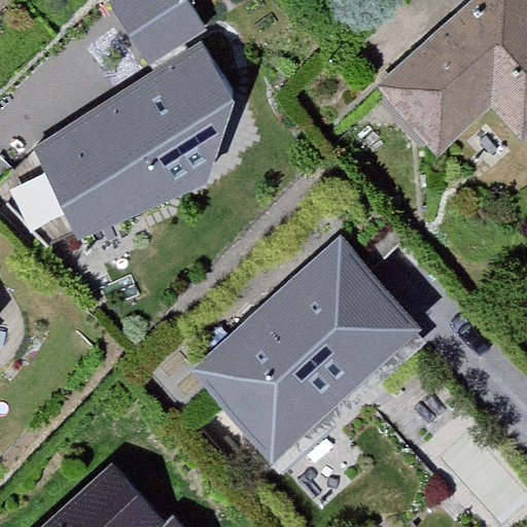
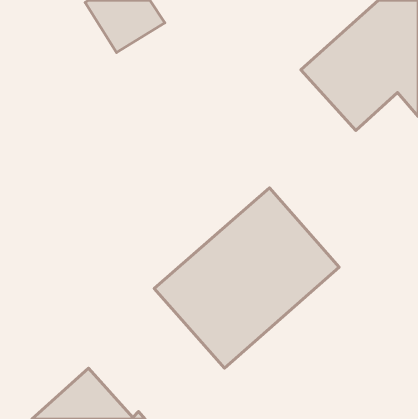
building: [34,44,234,239] -> none

